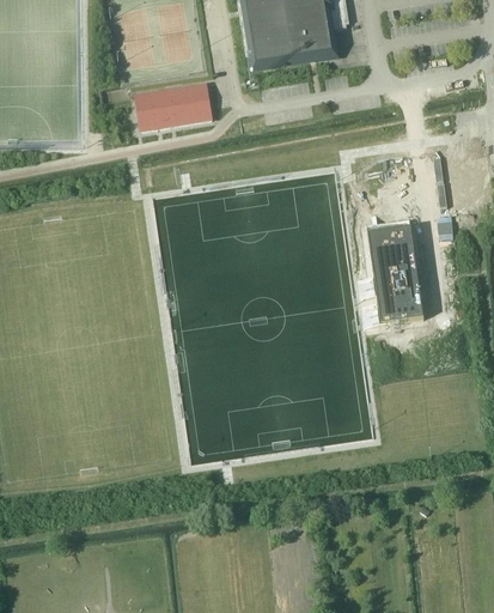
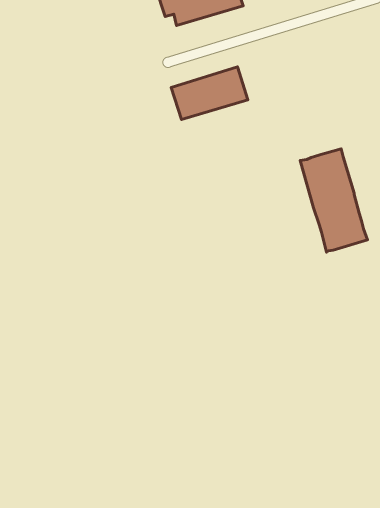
building: [134,83,212,129] -> [171,67,248,119]

